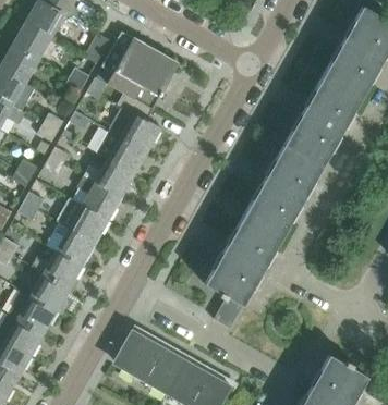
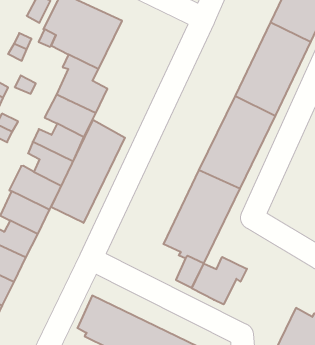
building: none -> [51,120,125,223]
building: none -> [192,257,247,304]

